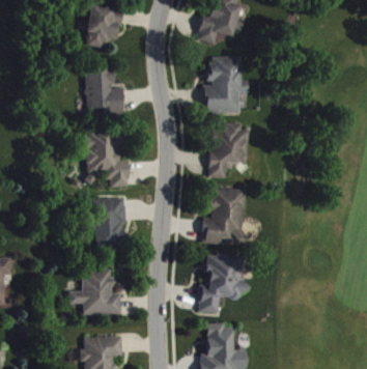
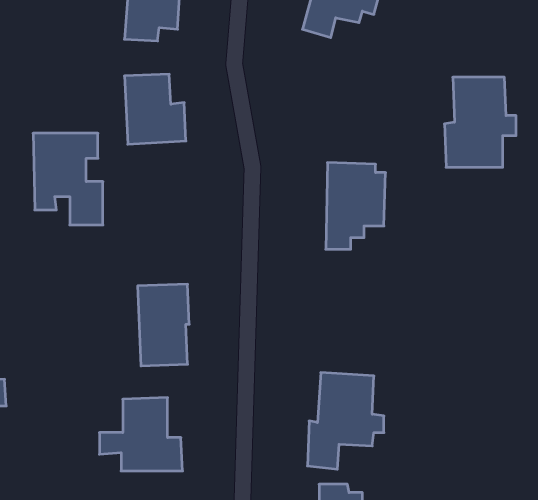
building: [203,56,248,112] -> [444,77,516,167]
building: [85,130,129,187] -> [33,133,103,225]
building: [202,187,244,244] -> none

